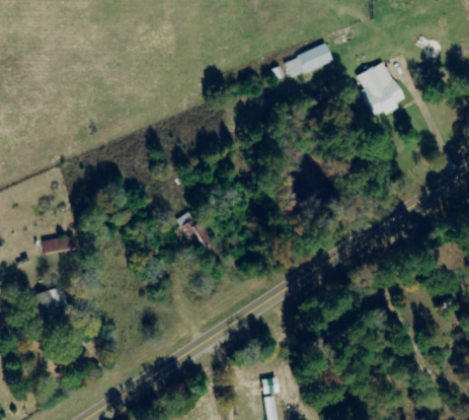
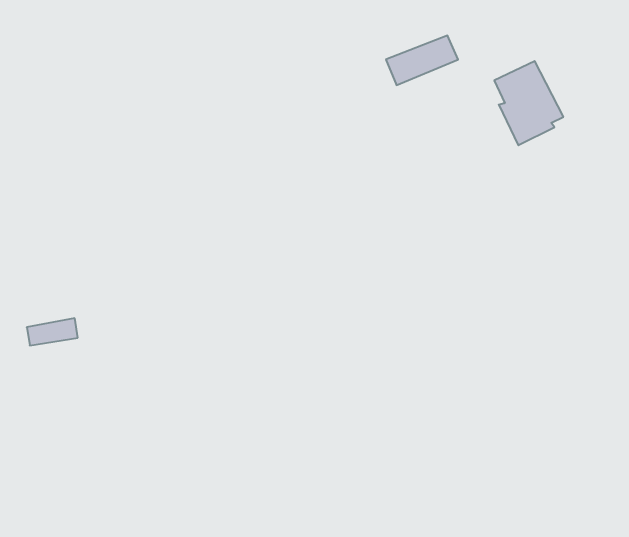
building: [178,213,210,251] -> none
building: [35,288,66,321] -> none

